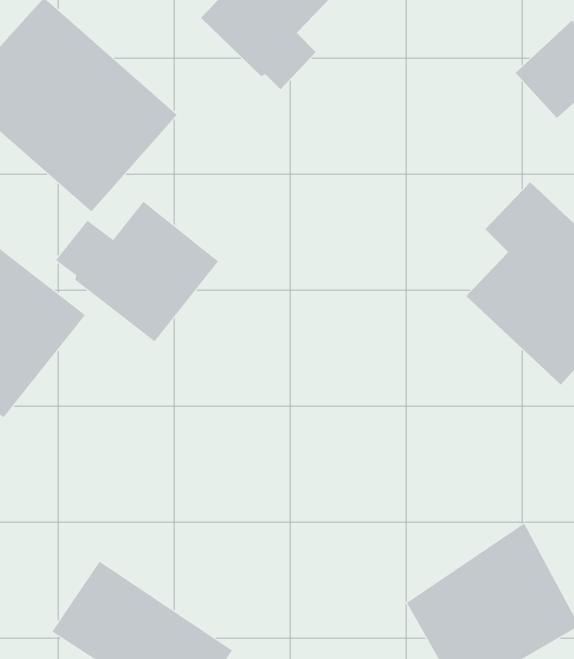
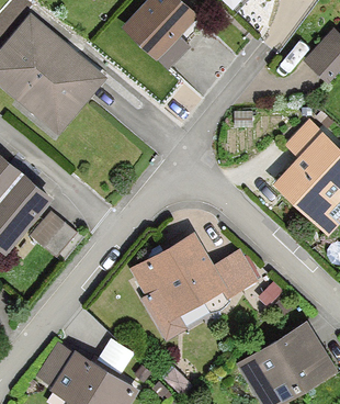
building: [55,201,219,342] -> none
building: none -> [30,211,77,257]
building: none -> [131,232,261,332]

